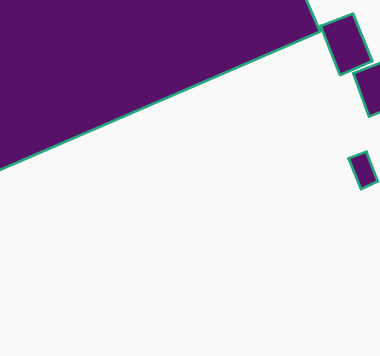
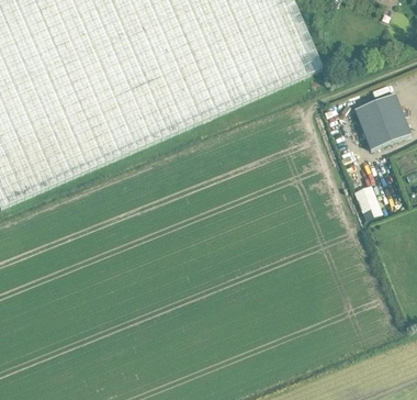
building: [321,14,372,75] -> none

